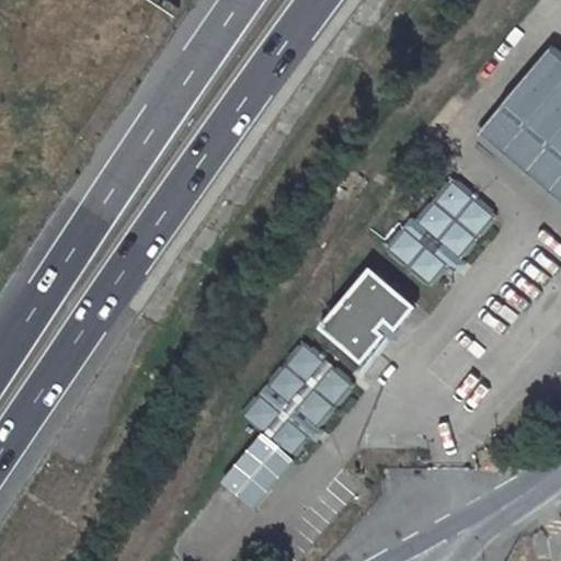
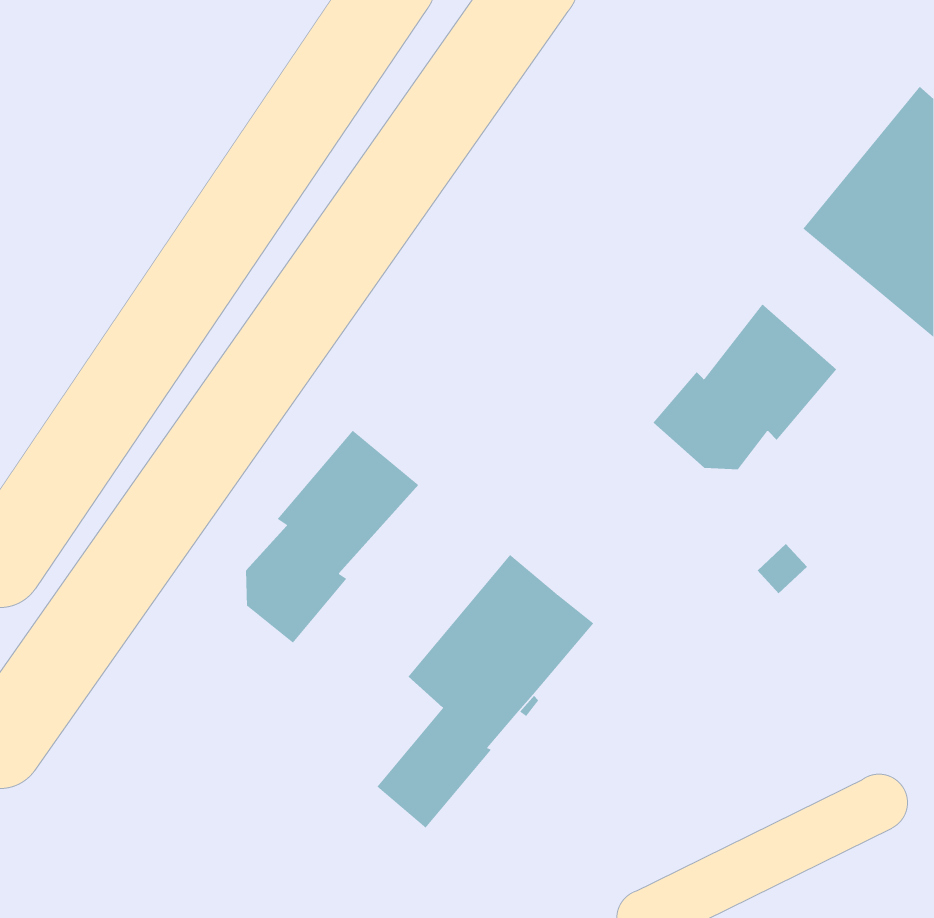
building: none -> [246,430,419,643]
building: [325,276,413,347] -> none

